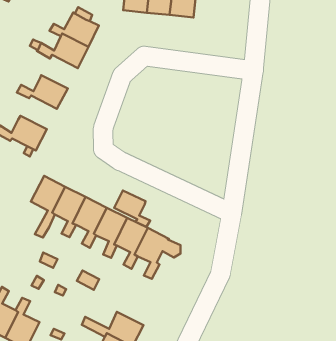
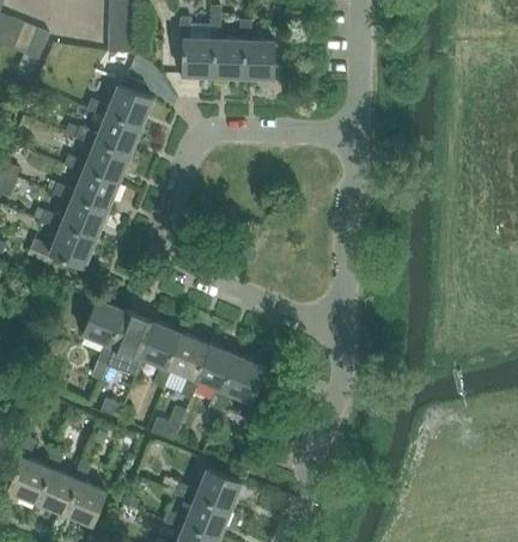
building: none -> [62,142,128,184]
building: none -> [41,197,105,239]
building: [114,191,150,227] -> none

